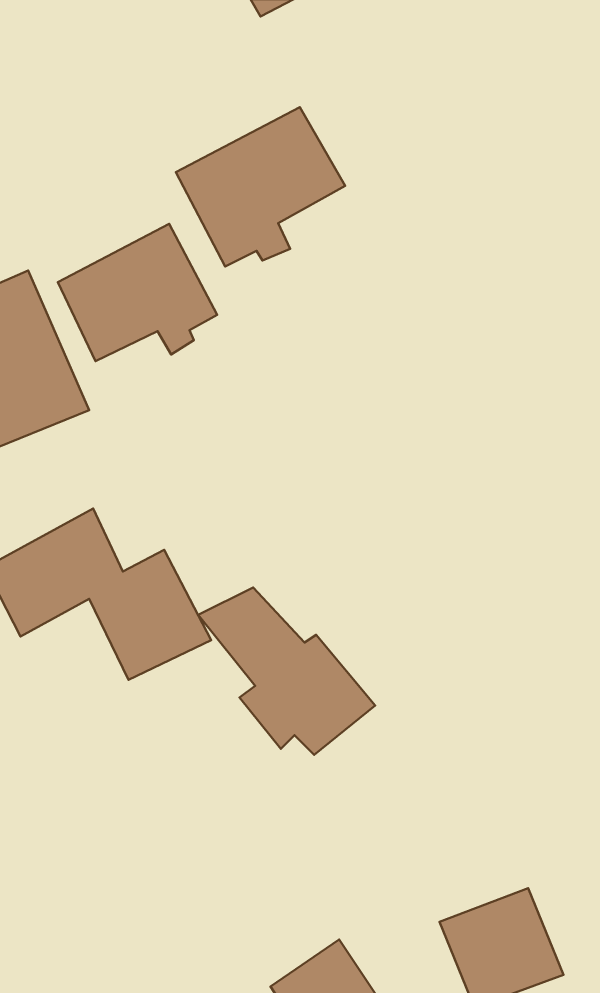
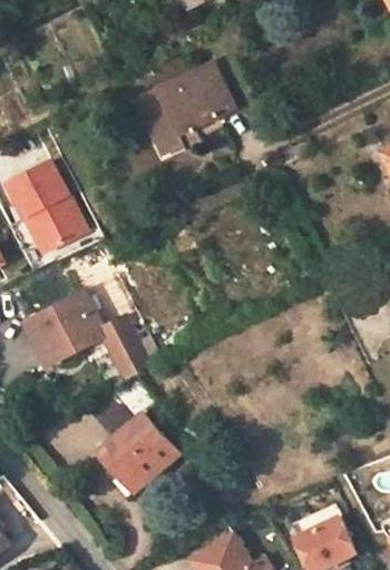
building: [58,224,217,361] -> none
building: [198,587,375,755] -> [79,389,179,483]

